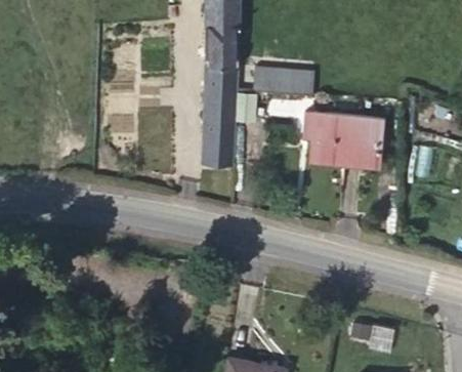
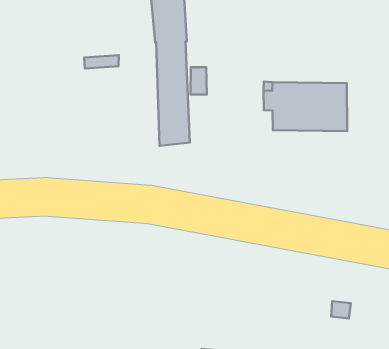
building: [255,68,313,94] -> none

